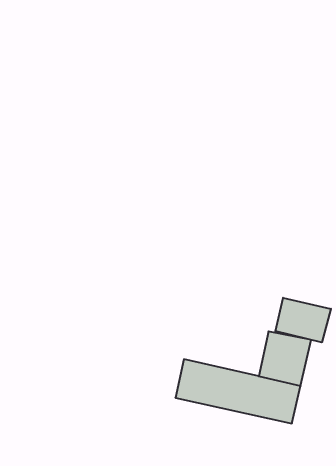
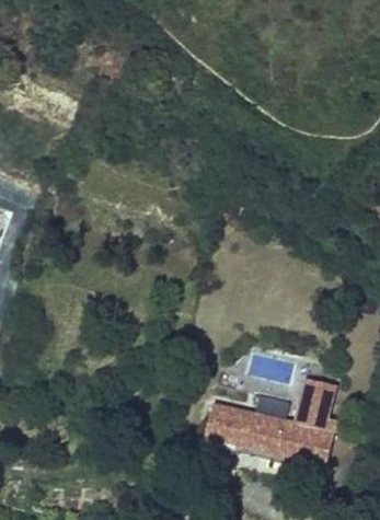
building: [275,298,331,342] -> none

